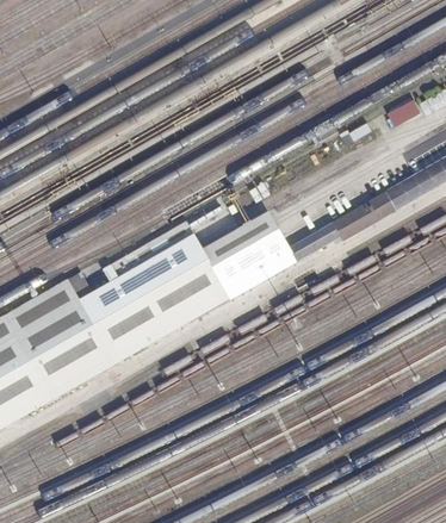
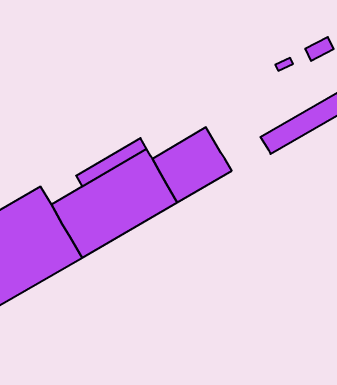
building: [287,220,340,261] -> none

